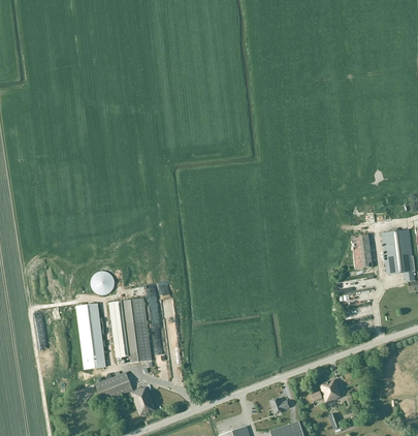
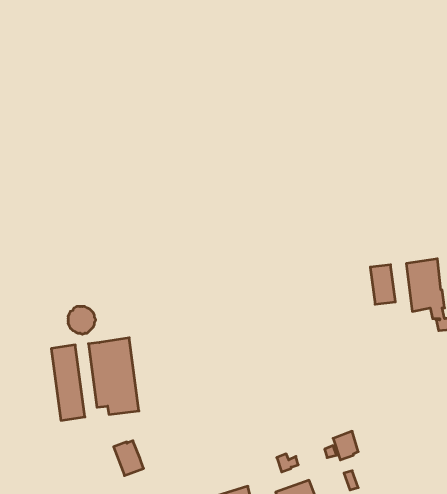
building: [95,372,133,402] -> none

